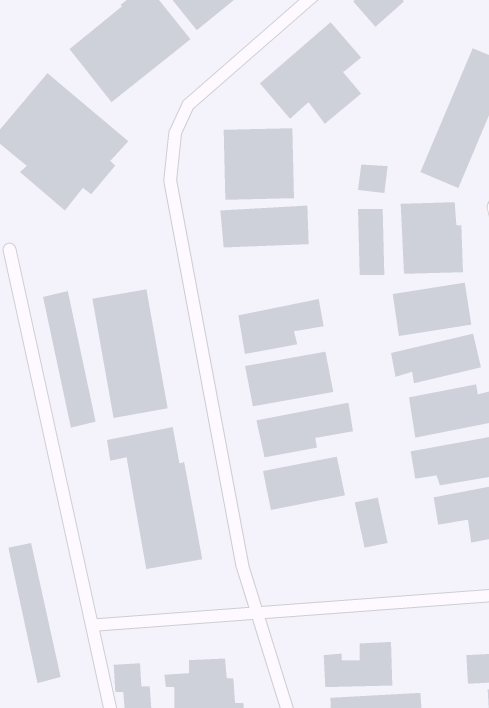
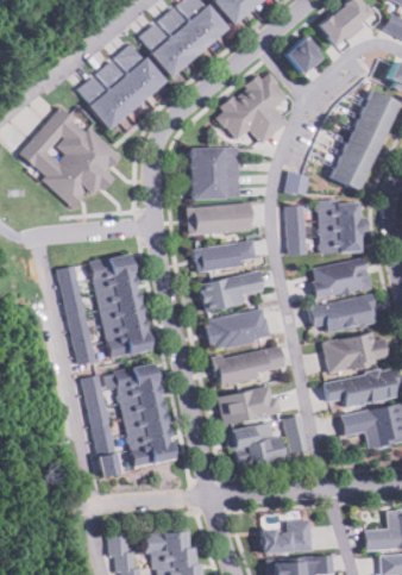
building: none -> [194,240,257,271]
building: none -> [226,423,285,467]
building: [7,543,61,684] -> [82,374,121,476]

